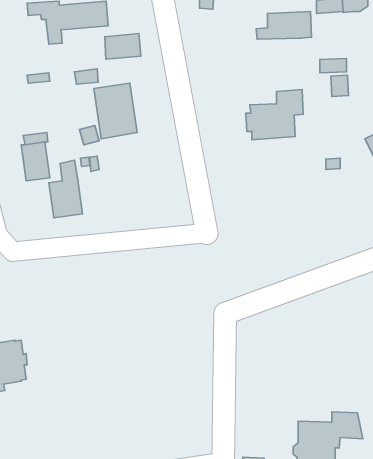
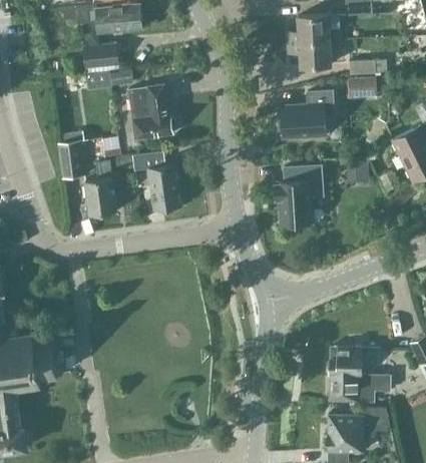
building: [105,34,141,59] -> [83,44,118,69]
building: none -> [287,40,340,67]
building: none -> [134,153,180,211]
building: none -> [274,165,322,228]
building: none -> [327,346,389,403]

